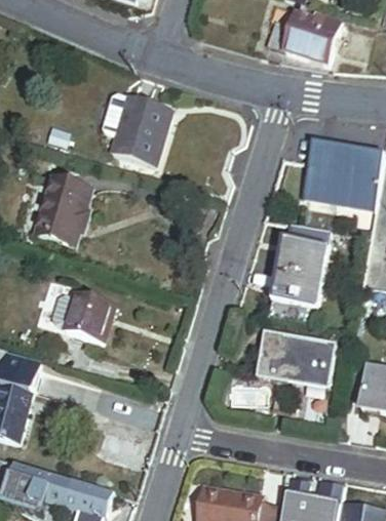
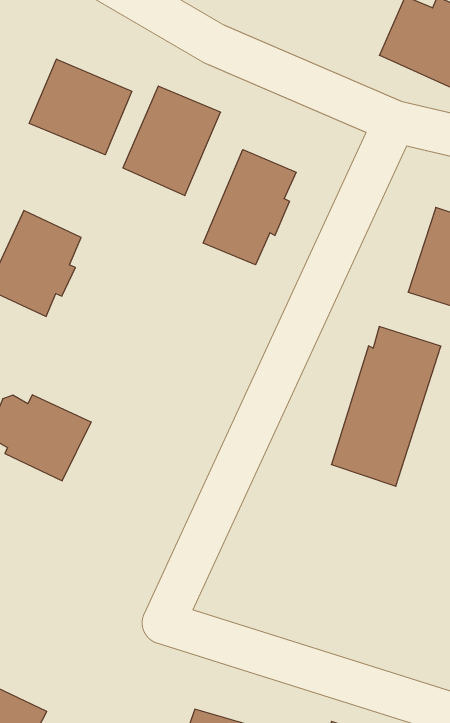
building: none -> [29,59,132,155]
building: none -> [203,150,296,265]
building: [255,327,333,384] -> none

